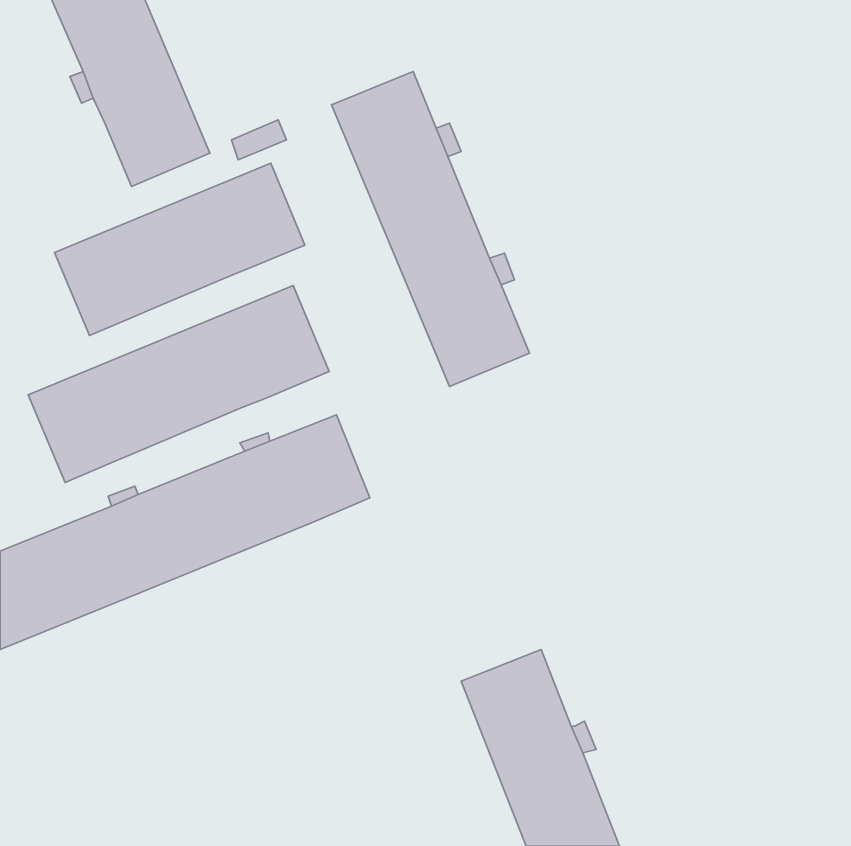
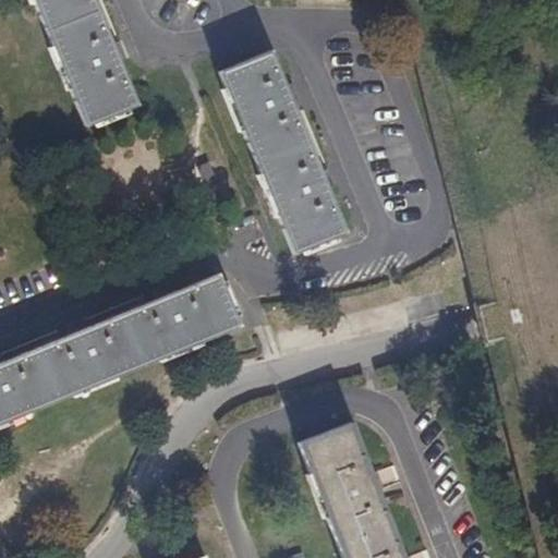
building: [55,163,305,335] -> none
building: [28,286,329,482] -> none

